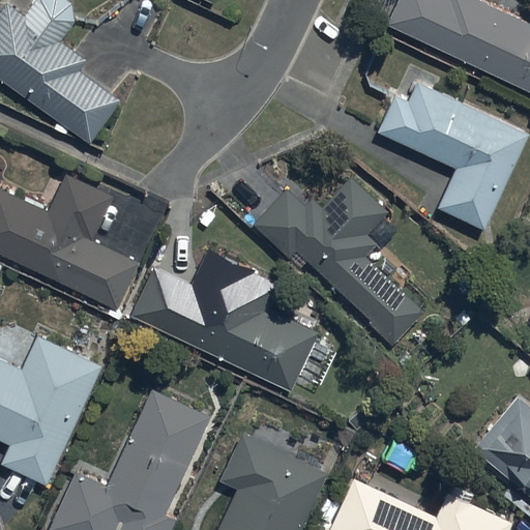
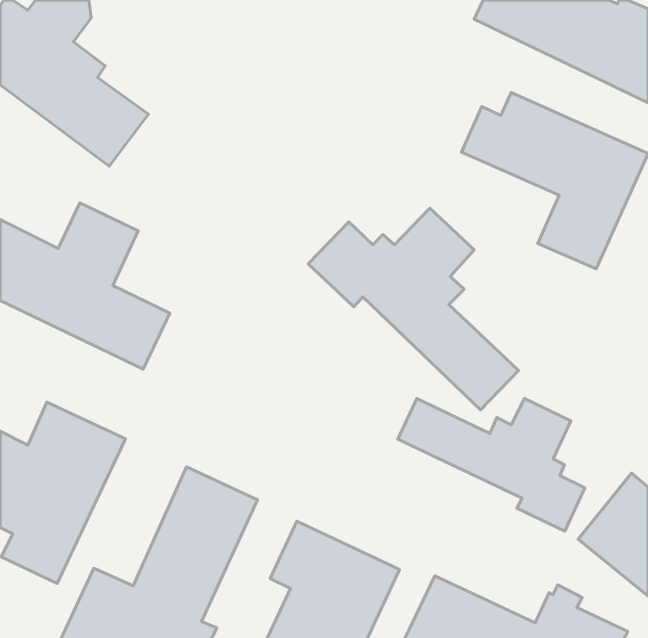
building: [131,247,319,391] -> none
building: none -> [398,398,585,531]

